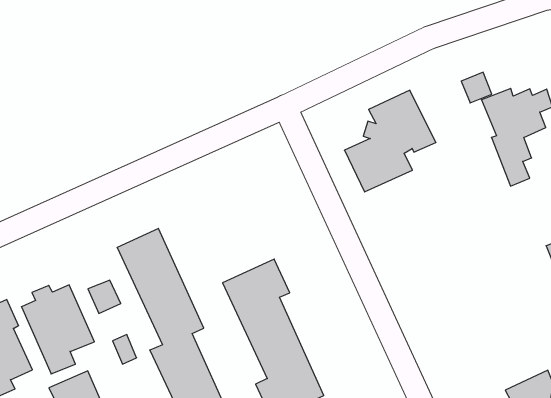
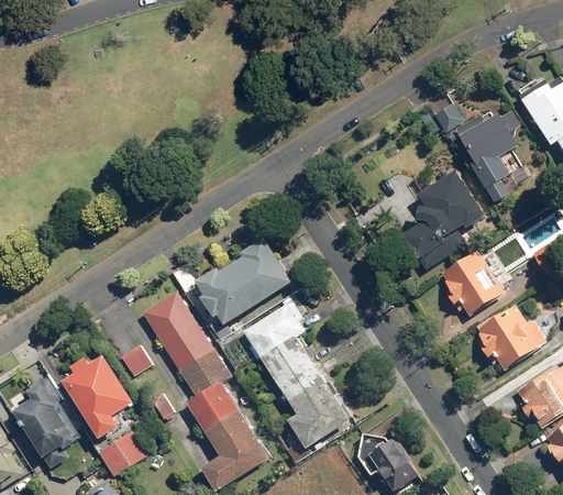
building: [344,90,436,192] -> [401,172,484,271]
building: none -> [196,237,291,324]
building: none -> [438,250,503,316]
building: none -> [474,305,545,370]

